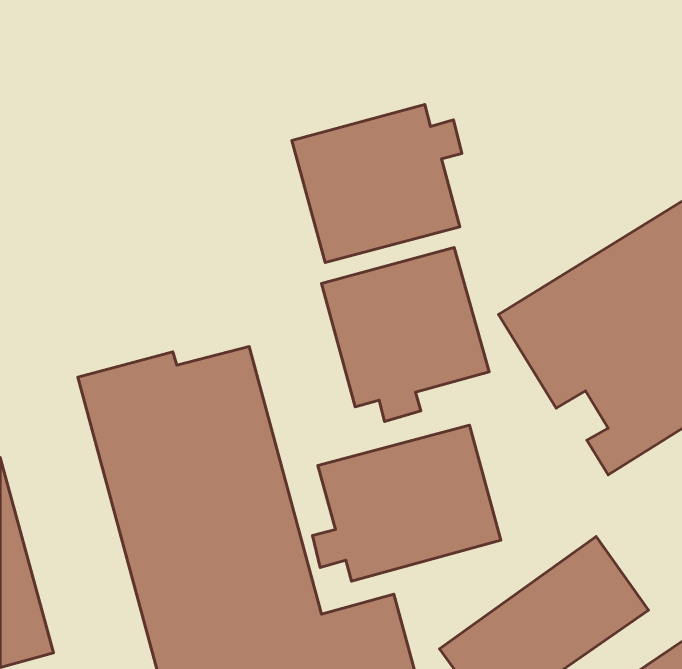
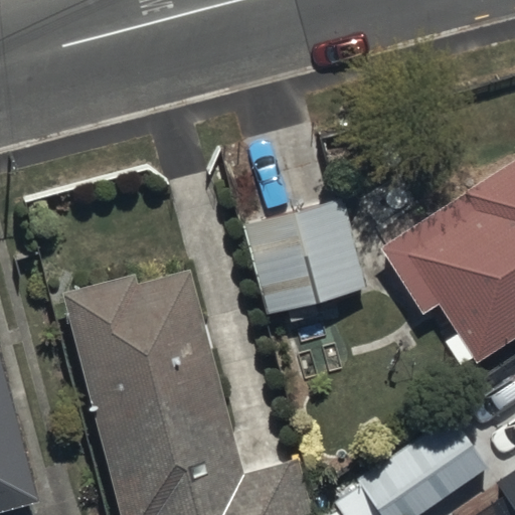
building: [292,104,462,263] -> none
building: [312,425,501,581] -> none

